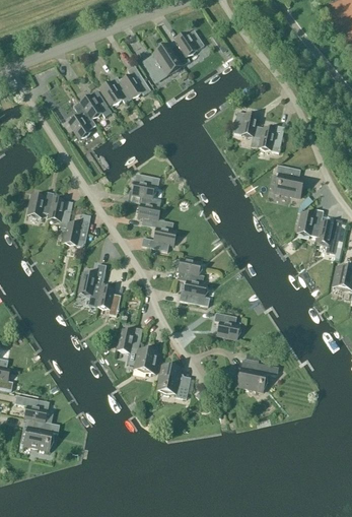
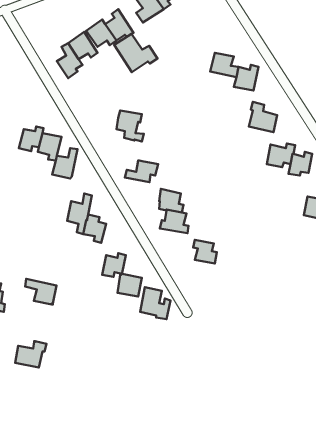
building: none -> [114,34,158,72]
building: [137,203,172,231] -> none
building: [236,352,278,391] -> none
building: [15,395,49,423] -> [25,279,57,304]

